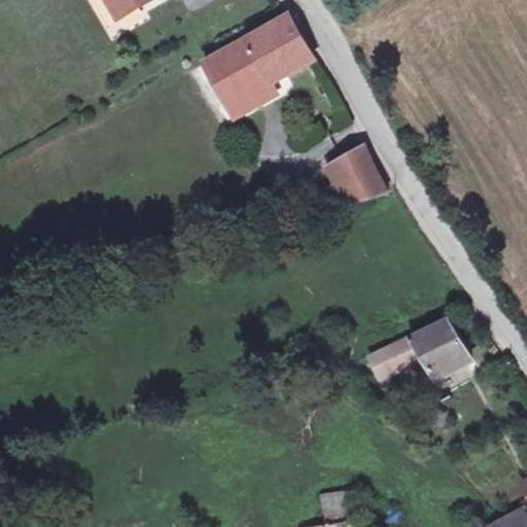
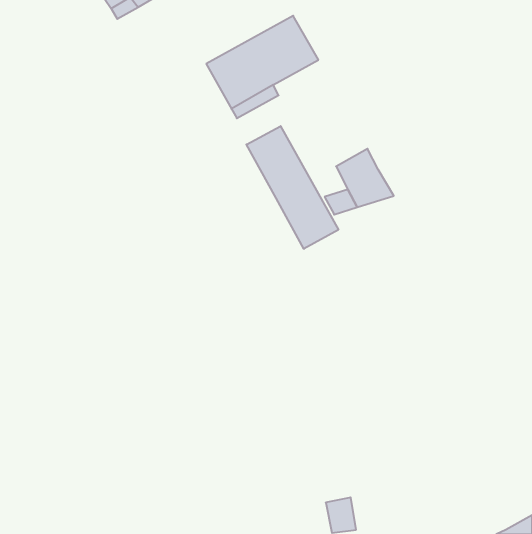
building: none -> [246,126,338,249]
building: [367,319,469,379] -> none

